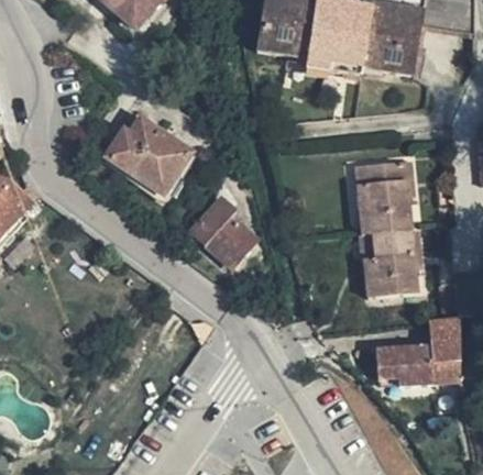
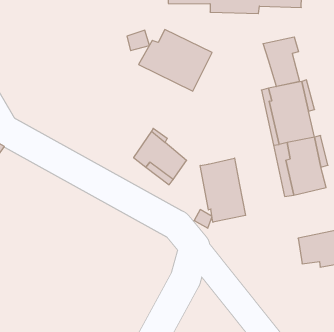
building: none -> [263,37,299,87]
building: [105,118,194,195] -> [139,30,212,91]
building: none -> [200,158,246,222]

